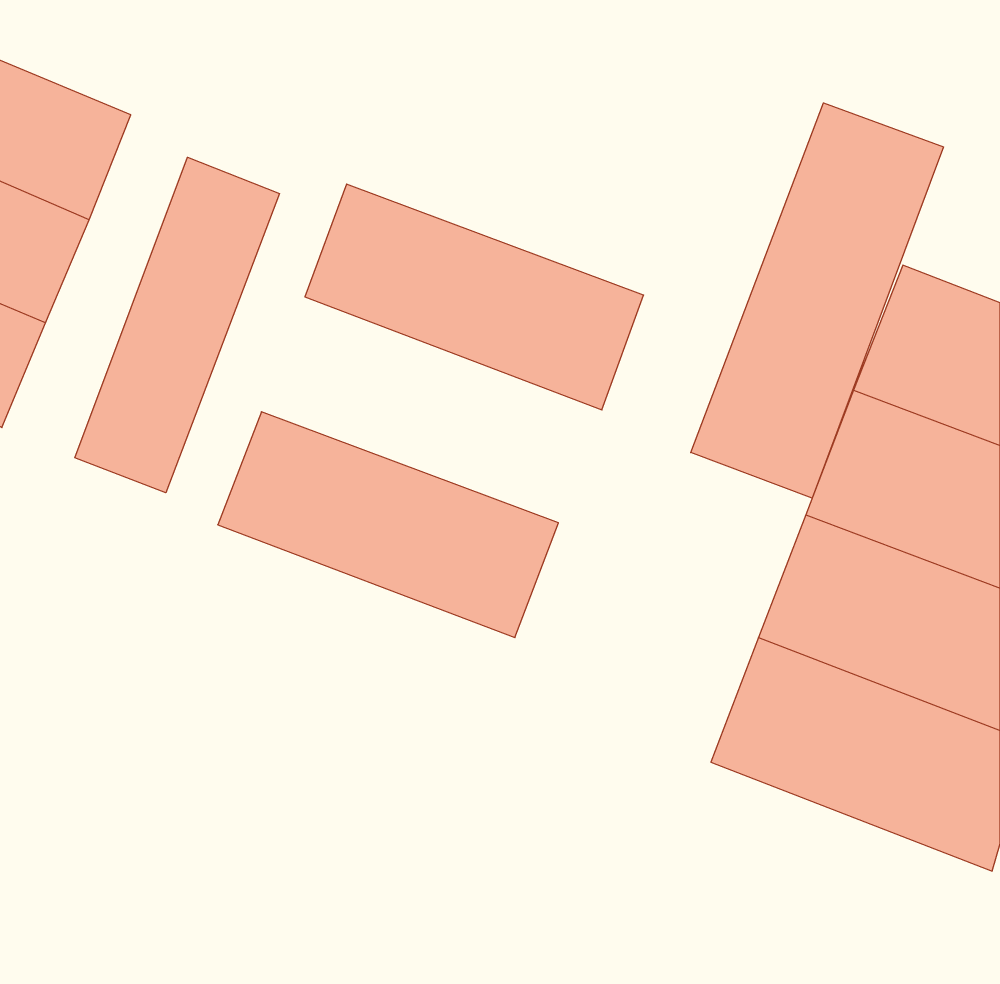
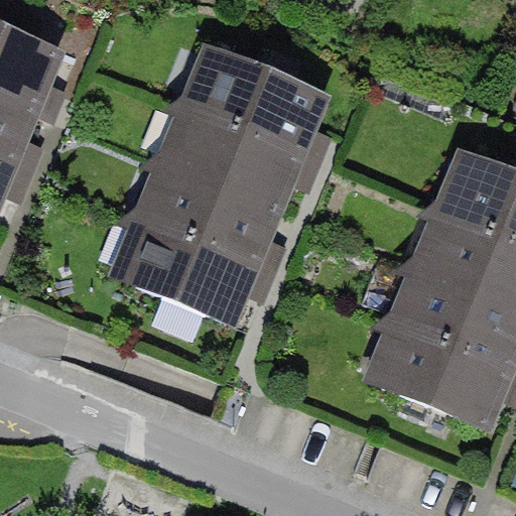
building: none -> [176,36,350,150]
building: [691,103,943,498] -> none
building: [75,157,279,493] -> none
building: none -> [133,151,306,266]

